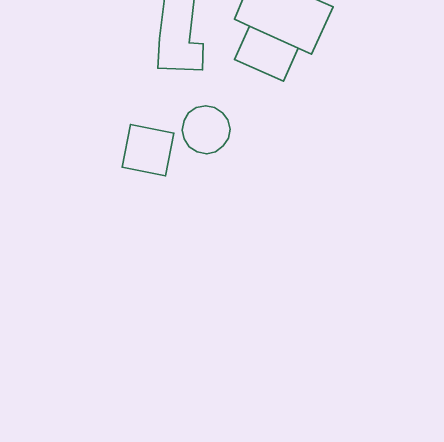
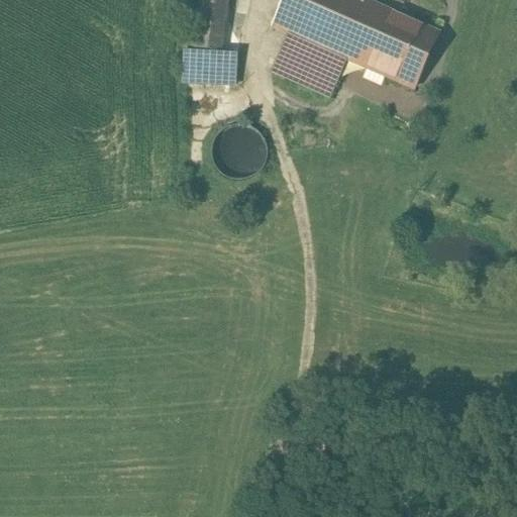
building: none -> [363,8,439,86]
building: [122,124,174,176] -> none

